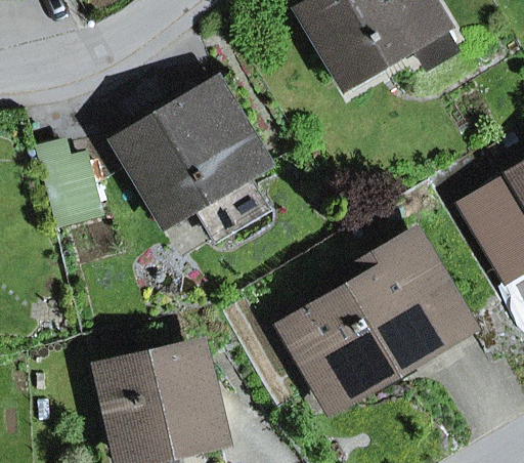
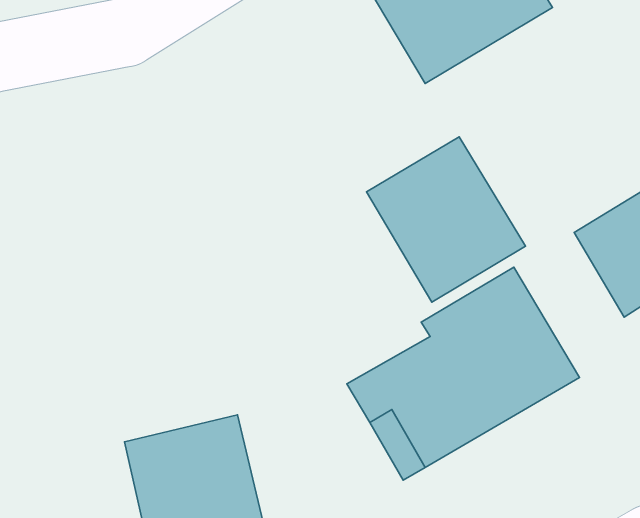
building: [113,81,266,238] -> none
building: none -> [366,137,525,302]

